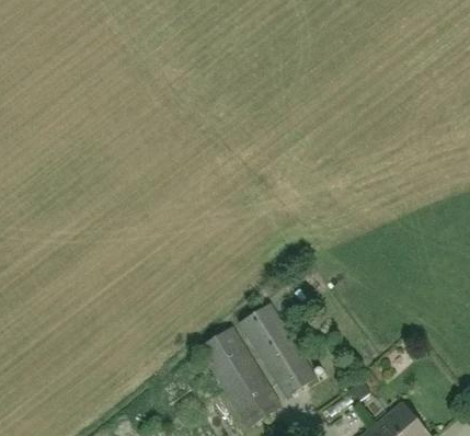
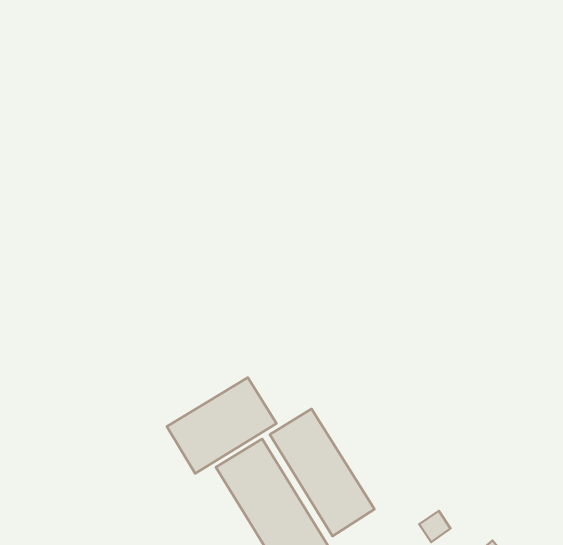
building: none -> [167,378,277,474]

